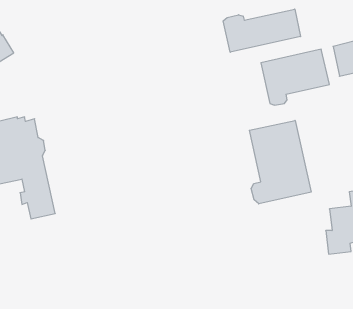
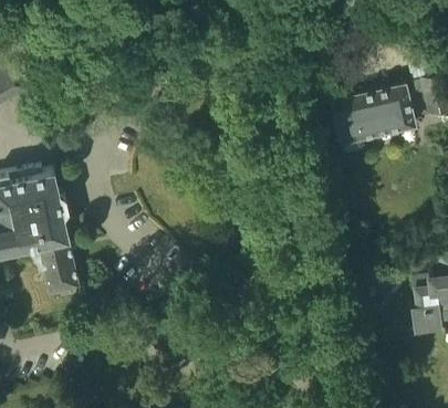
building: [223,9,301,52] -> none
building: [249,120,311,204] -> none

